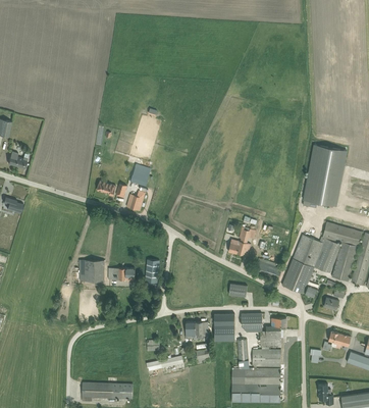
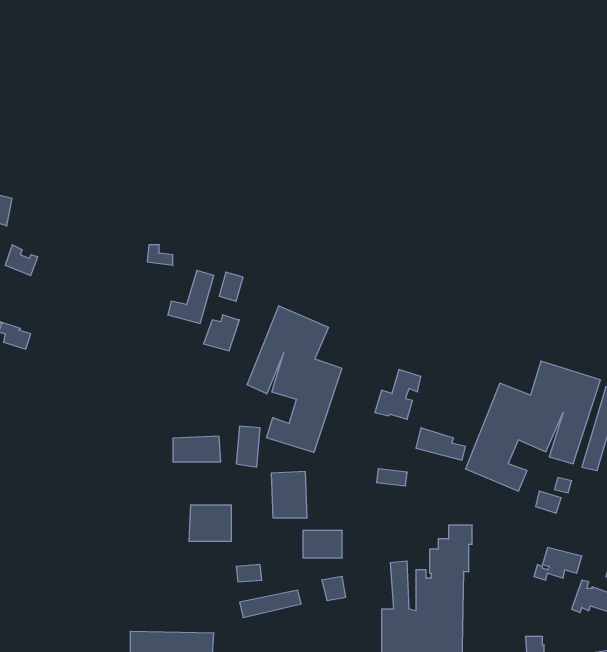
building: [302,145,347,208] -> none
building: none -> [247,306,342,453]
building: [78,260,104,282] -> [189,505,232,541]
building: [213,313,234,341] -> [271,472,307,518]
building: [241,313,262,332] -> none

